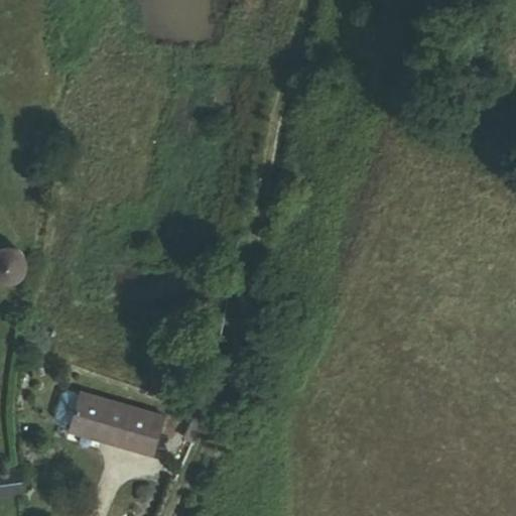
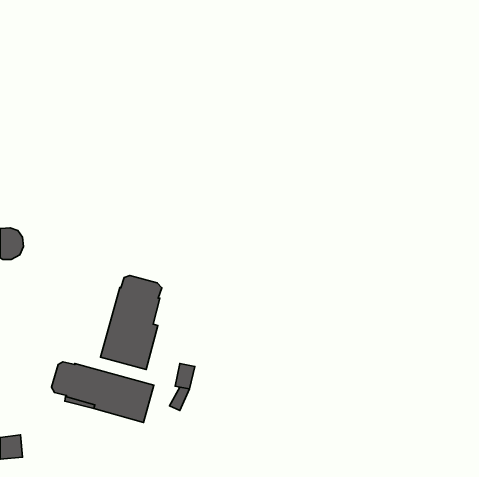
building: none -> [100,275,162,370]

